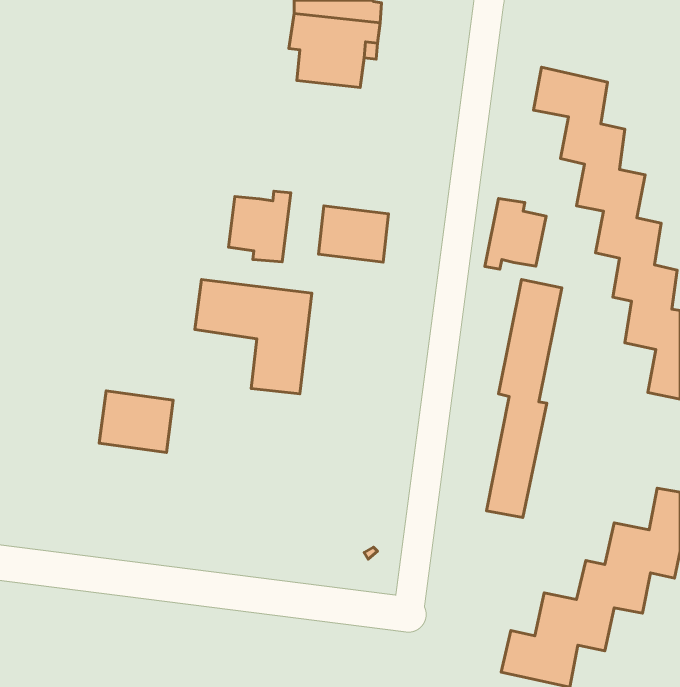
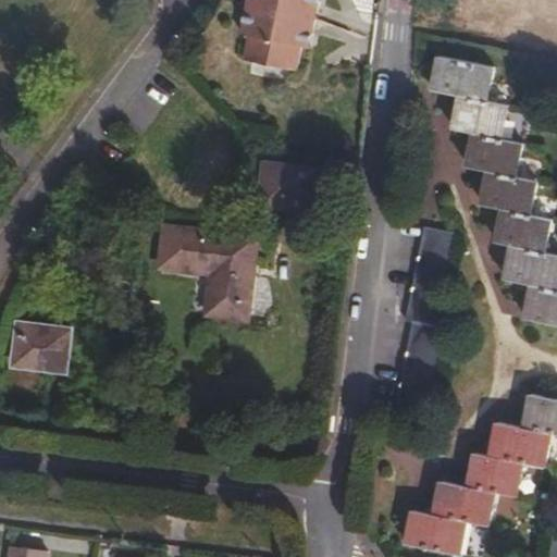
building: [228,191,291,262] -> none
building: [485,199,546,269] -> none
building: [99,391,173,453] -> [8,323,67,373]

